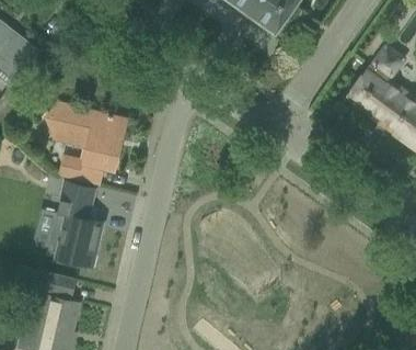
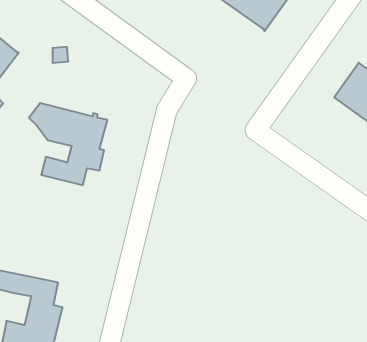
building: [54,183,102,267] -> none

